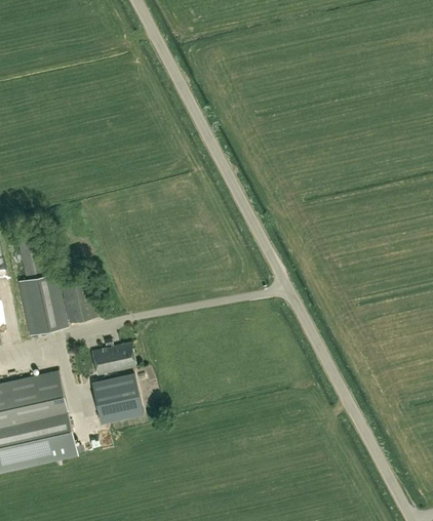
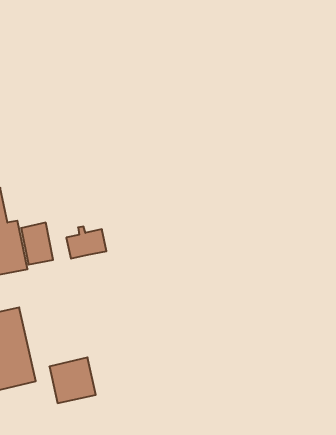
building: [90,339,135,375] -> [66,227,106,259]
building: [91,373,144,425] -> [49,357,96,403]

